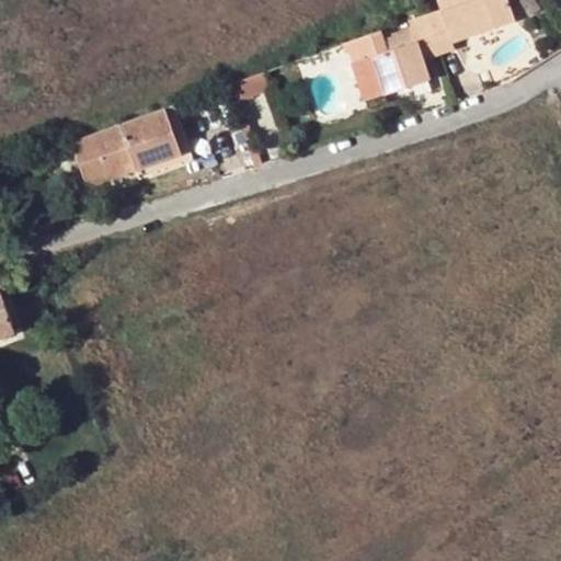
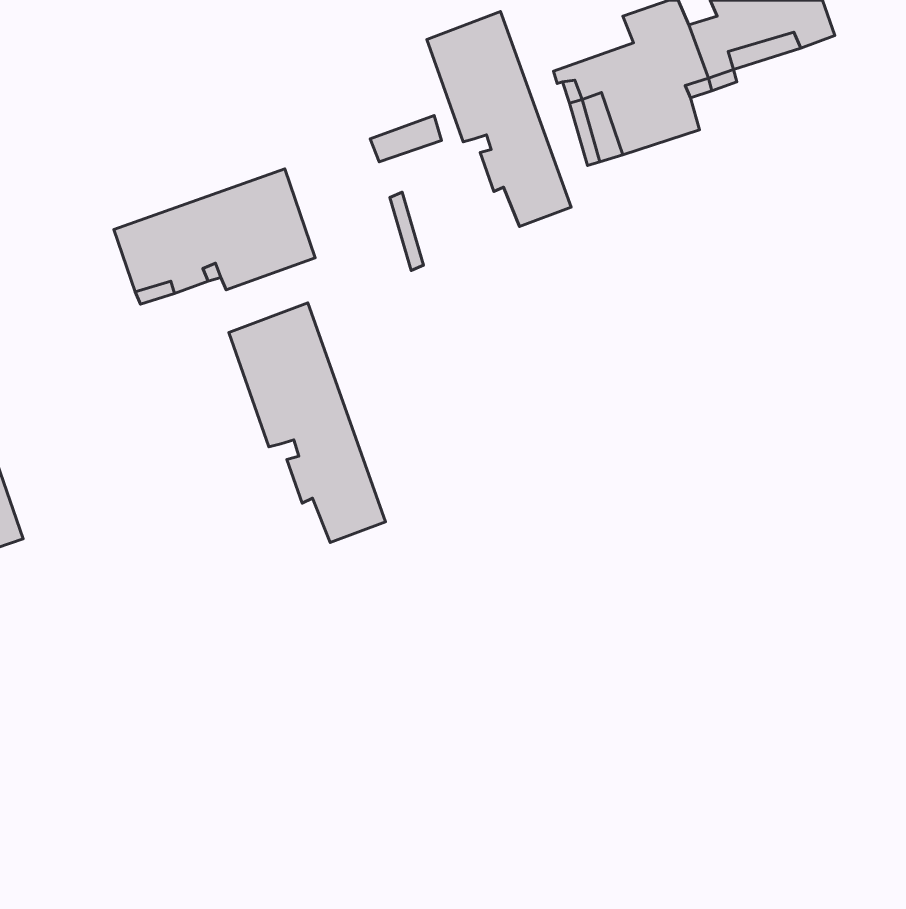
building: none -> [427,12,571,227]
building: none -> [229,303,386,543]

